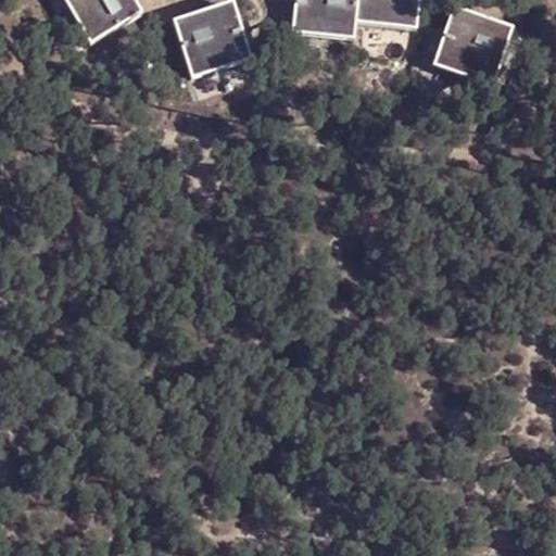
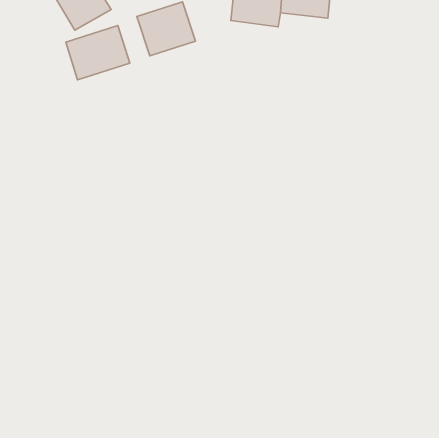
building: [435,10,510,80] -> none
building: none -> [66,25,130,80]

